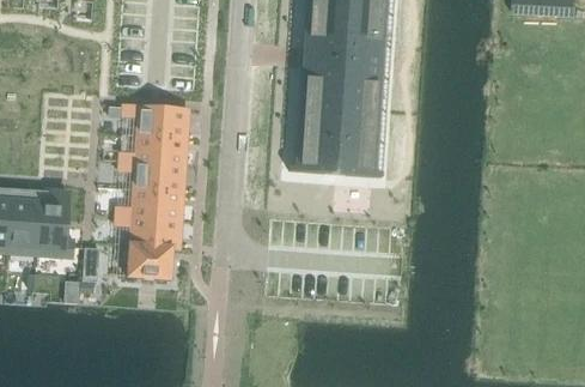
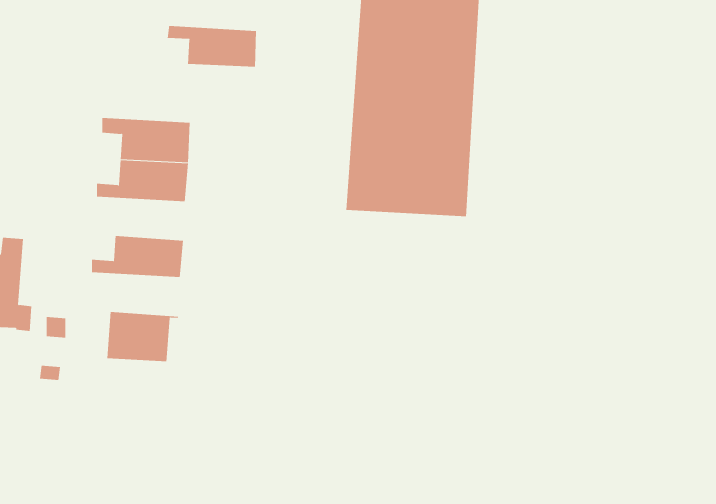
building: none -> [167,25,256,67]
building: [120,161,183,192] -> none
building: [115,214,179,246] -> none

